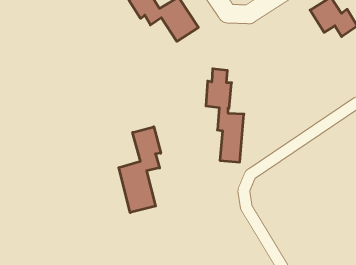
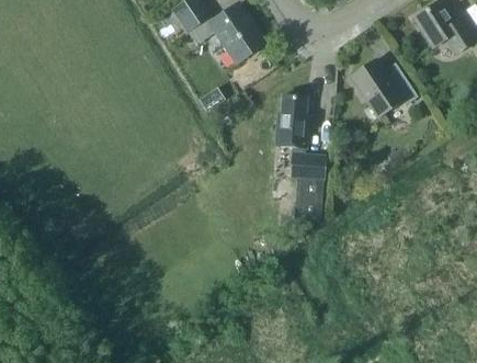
building: none -> [354,64,418,117]
building: [119,127,161,213] -> none

